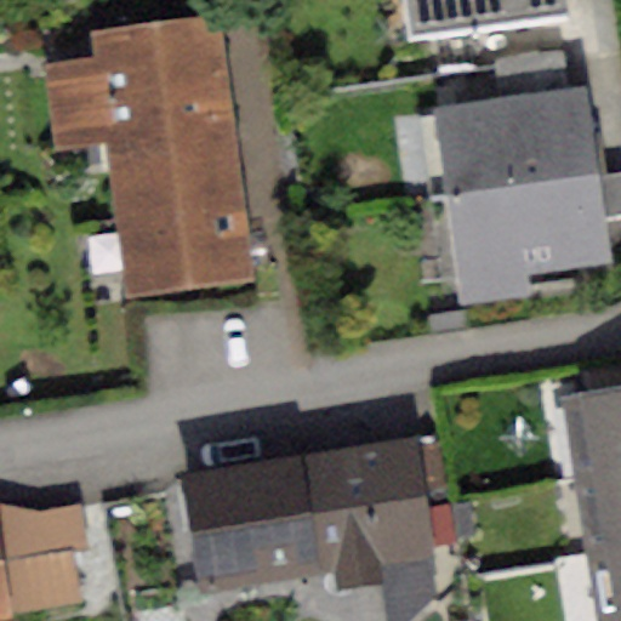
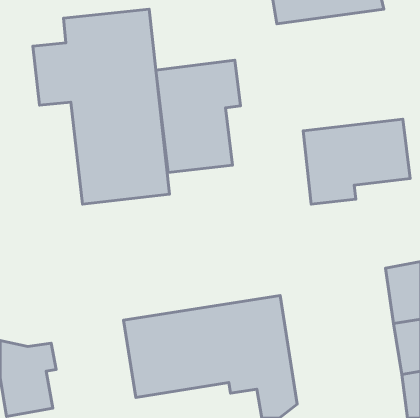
building: [435,89,594,193] -> none
building: none -> [156,60,241,172]

